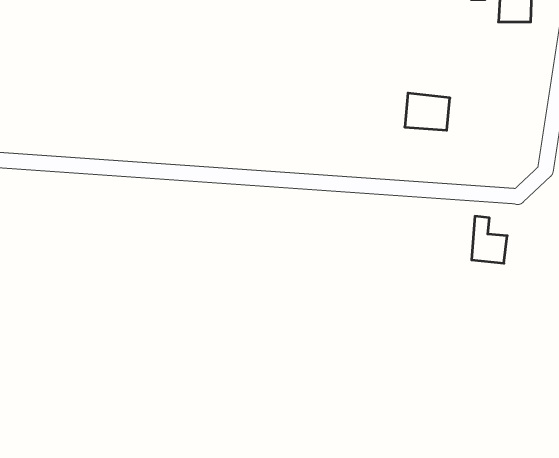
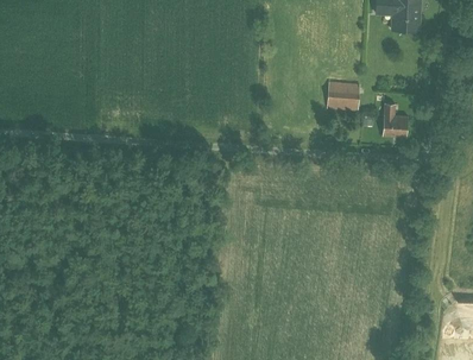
building: [472,216,507,263] -> [381,102,408,137]

